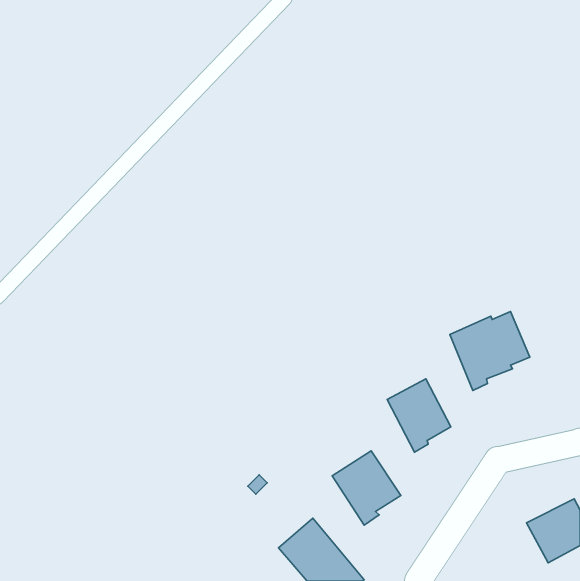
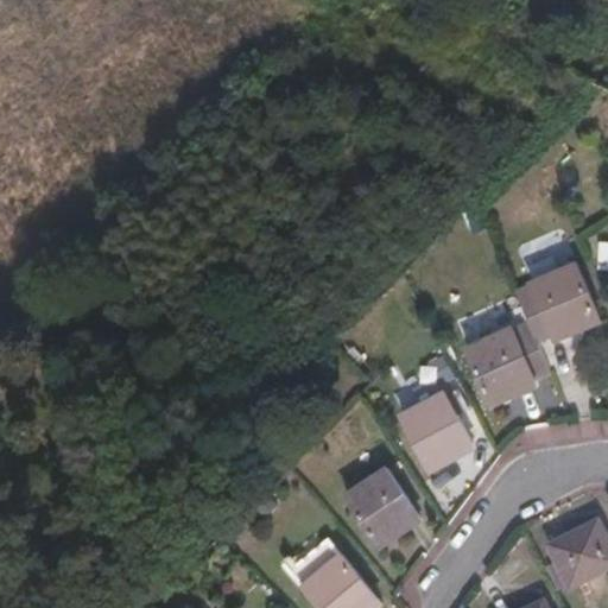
building: none -> [533,266,598,335]

